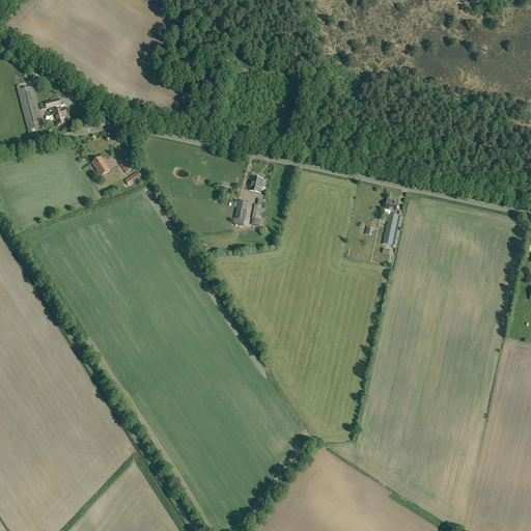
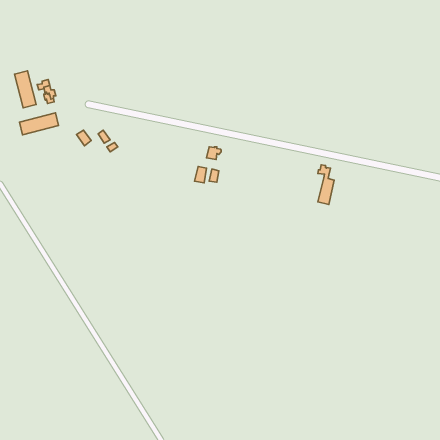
building: none -> [19,113,59,135]

